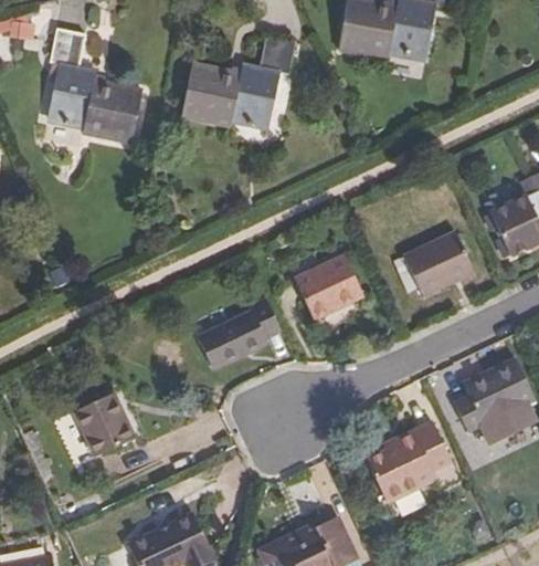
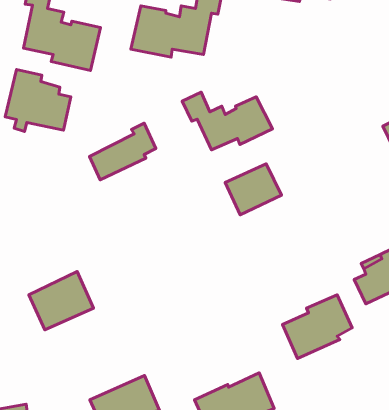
building: none -> [5,70,71,131]
building: none -> [182,92,273,150]
building: [402,230,474,297] -> none
building: [200,300,282,369] -> [89,123,156,180]

